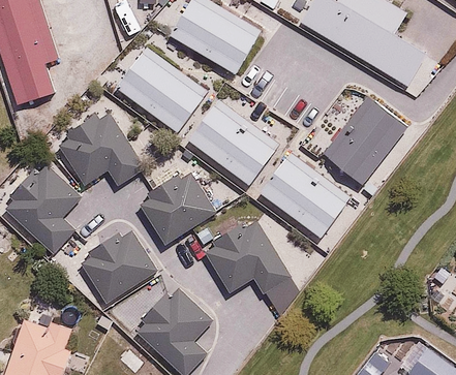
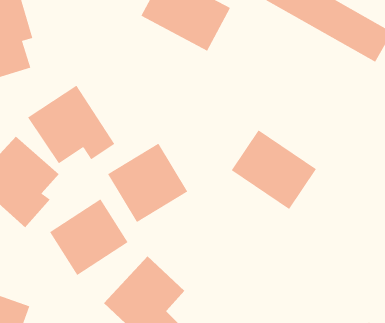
building: [116,46,206,131] -> none
building: [322,96,412,187] -> none
building: [188,101,278,185] -> none
building: [204,218,294,301] -> none

